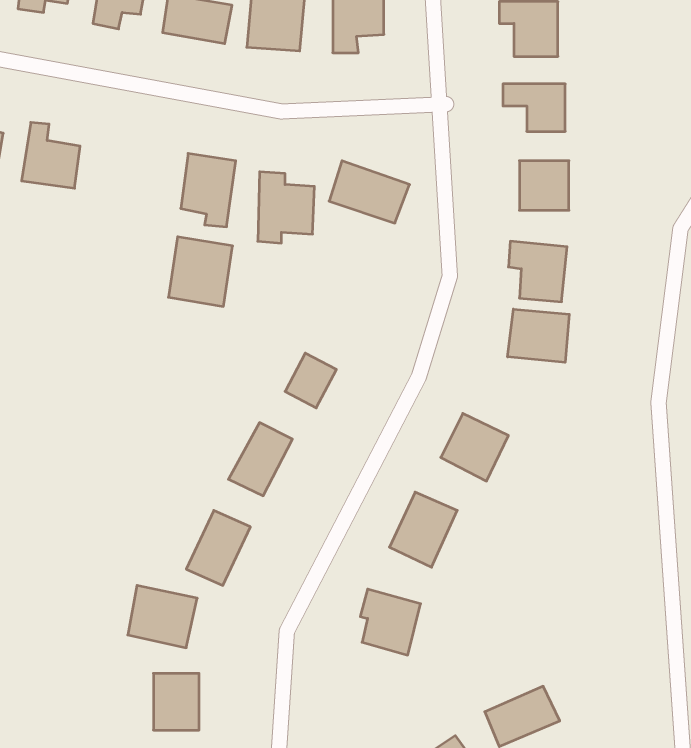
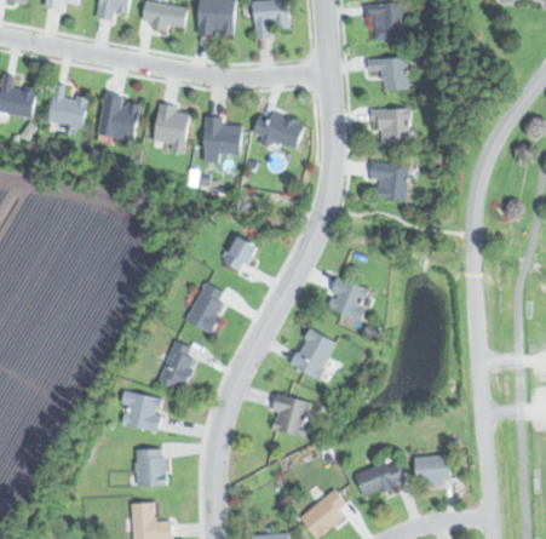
building: [168,237,233,306] -> [99,94,142,141]
building: [508,309,569,362] -> none
building: none -> [416,454,450,483]

